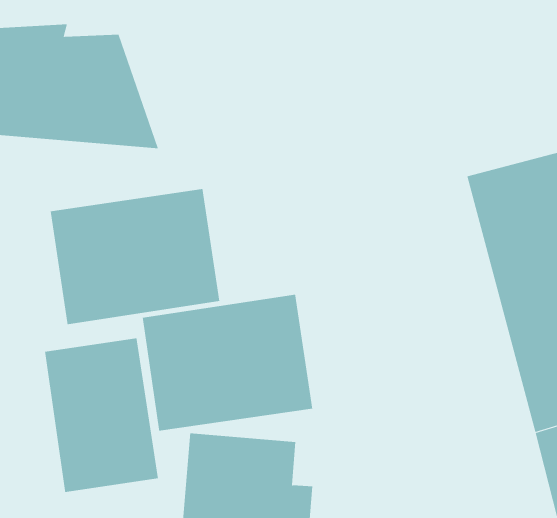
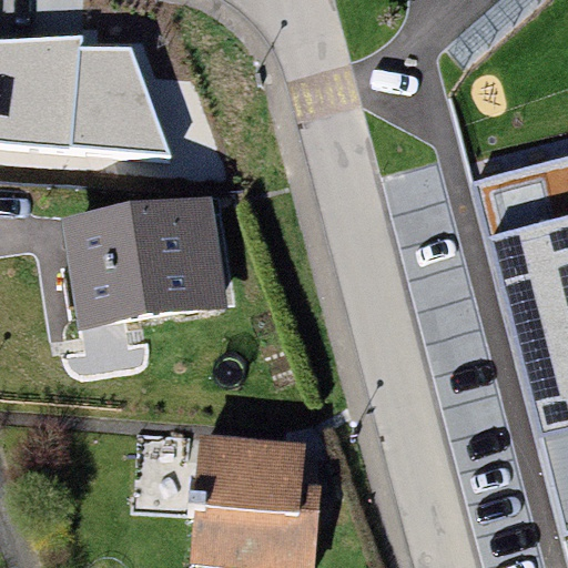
building: [142,294,313,431] -> none
building: [44,337,158,493] -> none

